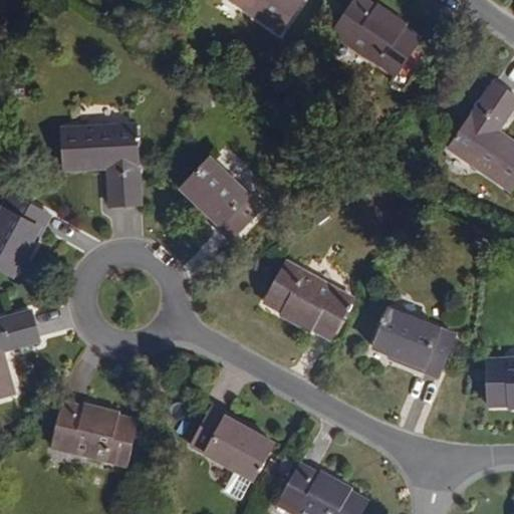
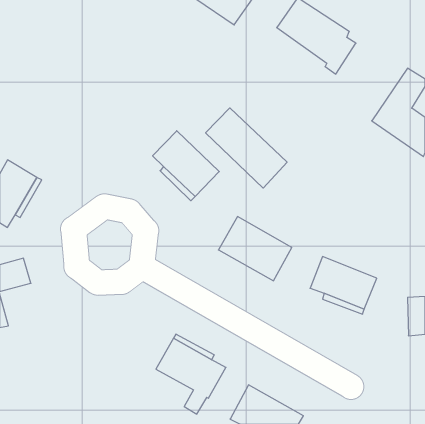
building: [65,124,142,205] -> none
building: none -> [206,108,287,188]
building: [51,403,136,467] -> none

